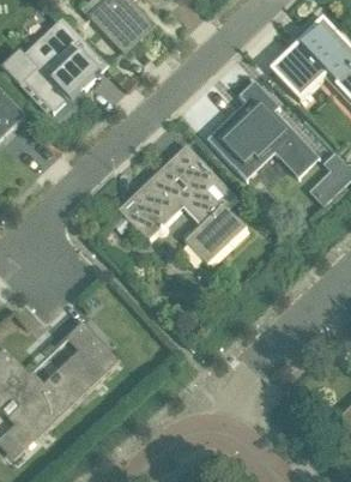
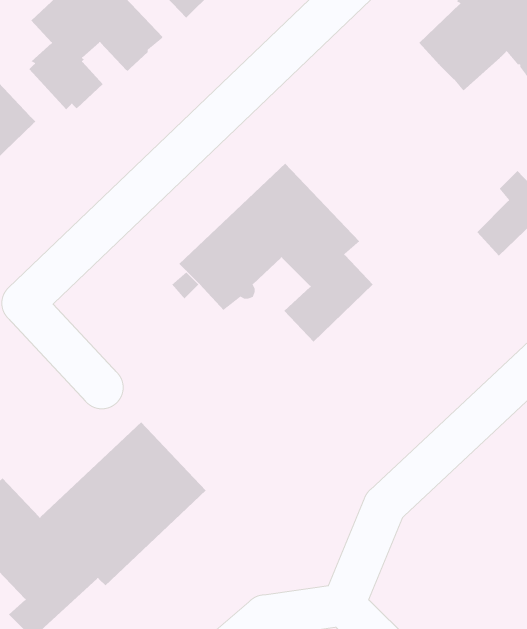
building: [206,80,316,175] -> none

